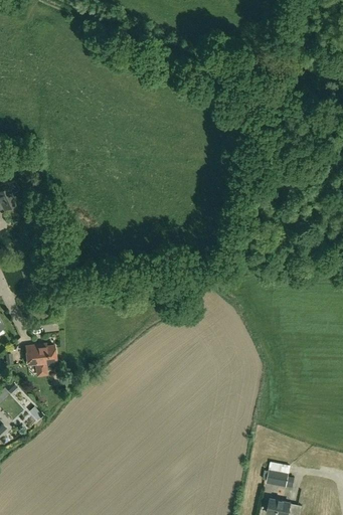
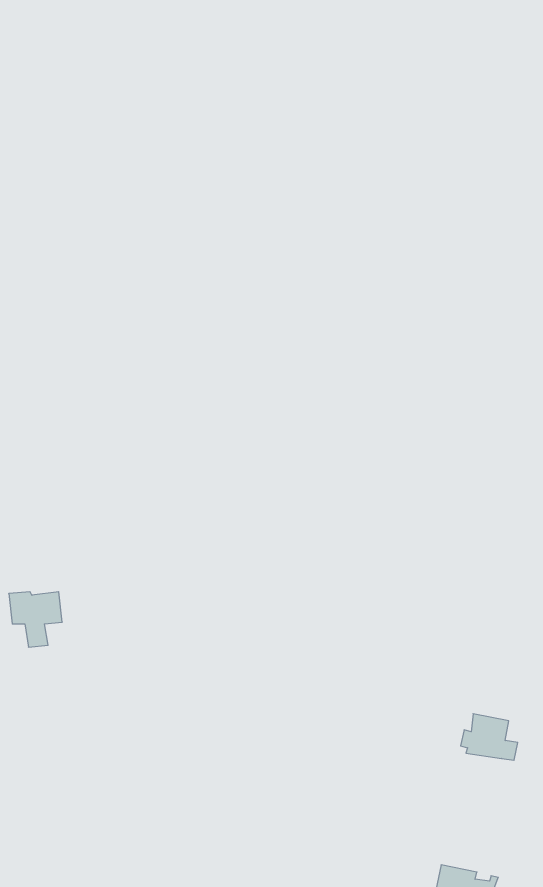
building: [262,462,294,488] -> [461,714,518,760]

